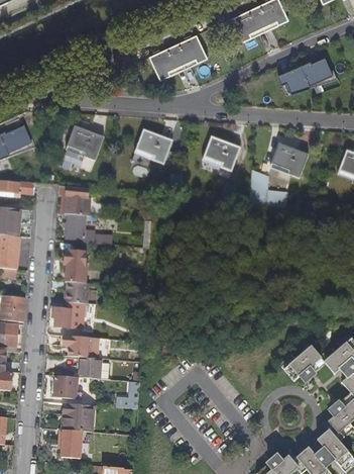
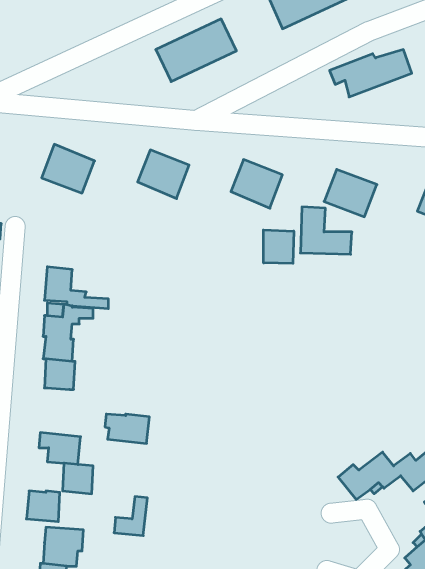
building: [58,184,90,215] -> none
building: none -> [263,230,294,263]
building: [51,307,84,328] -> [105,414,149,443]

